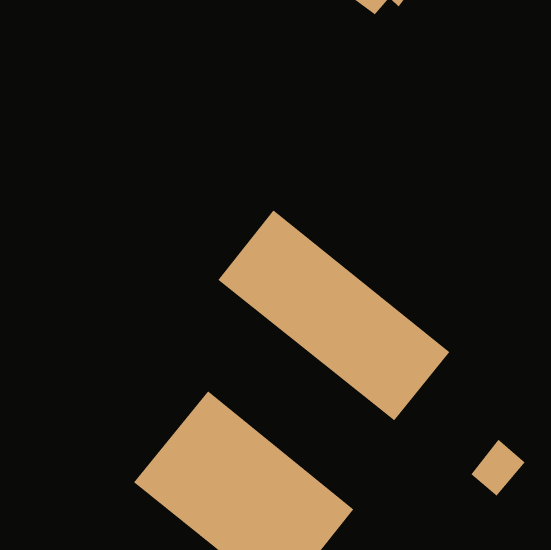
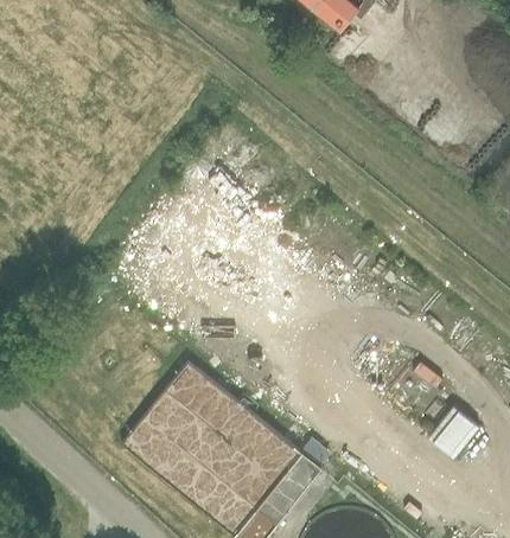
building: [218,210,450,421] -> none

